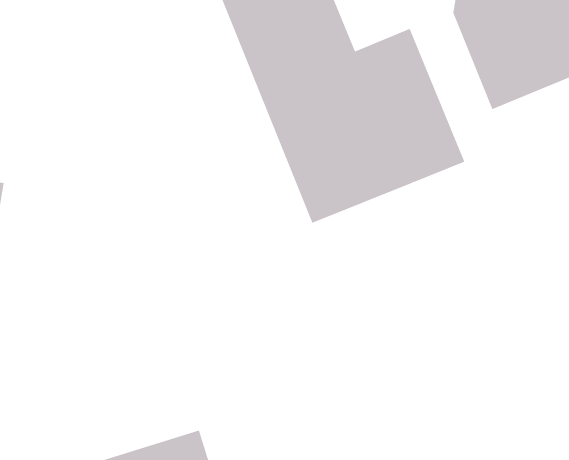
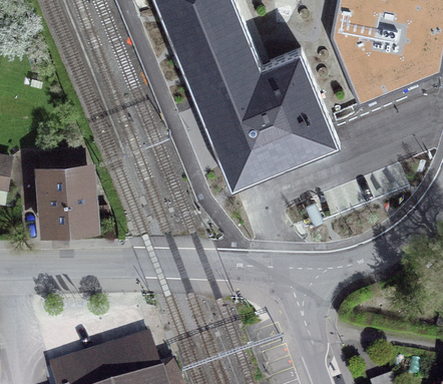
building: none -> [42,152,89,229]

